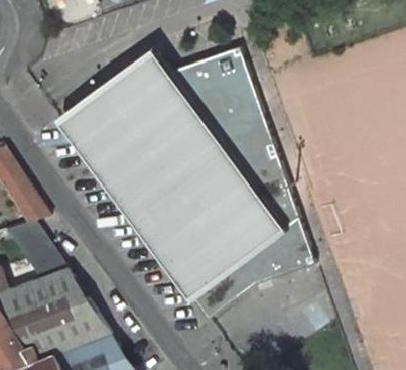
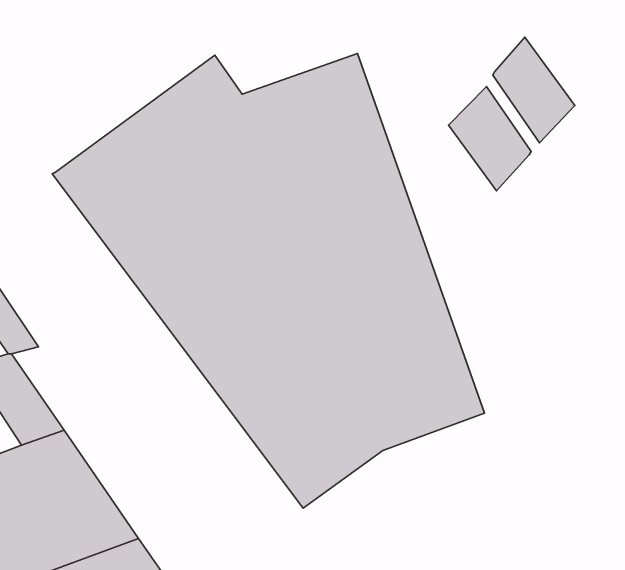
building: none -> [493,37,575,143]
building: none -> [449,86,531,191]

